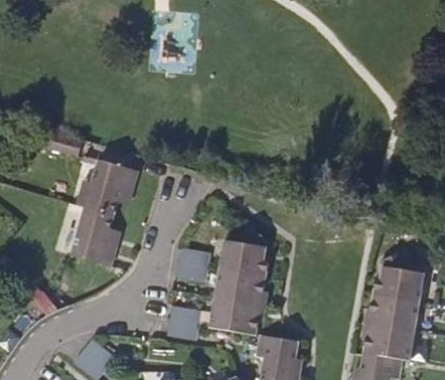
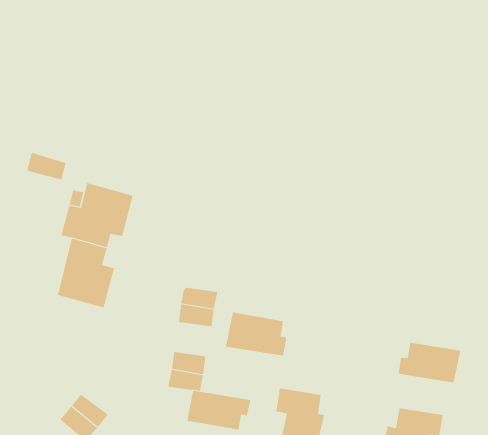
building: [221,239,268,277] -> none
building: [374,264,424,303] -> none
building: [210,300,266,334] -> [186,390,251,430]
building: [359,323,412,359] -> none

